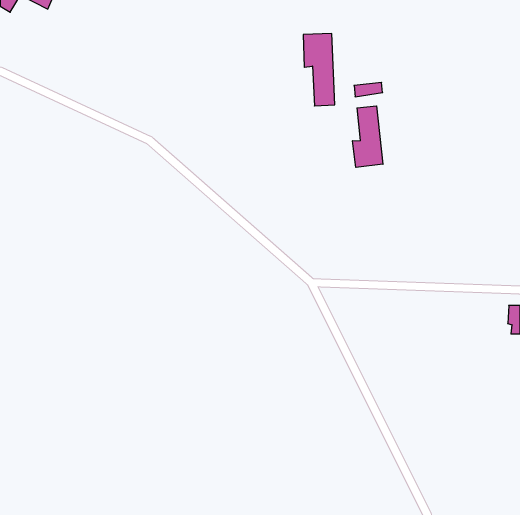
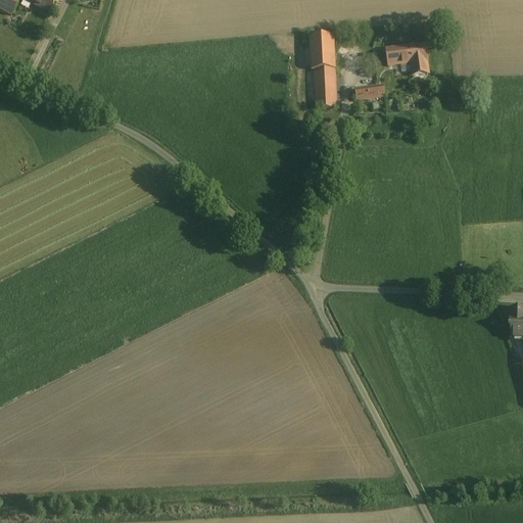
building: none -> [386,41,430,74]
building: [353,106,383,167] -> none

